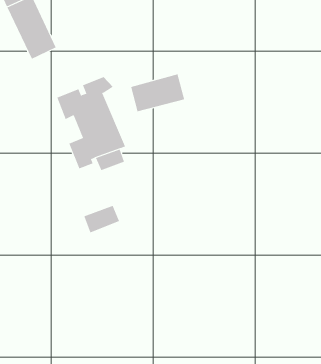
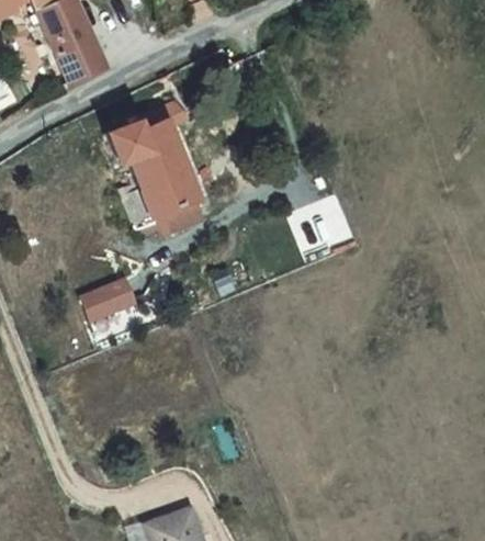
building: [131,74,185,112] -> none
building: [83,205,120,233] -> [83,282,133,320]

